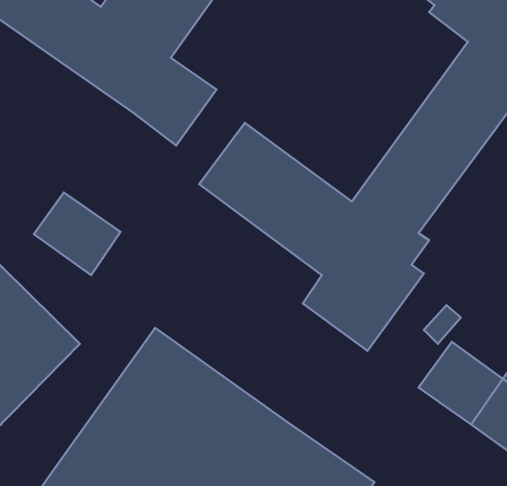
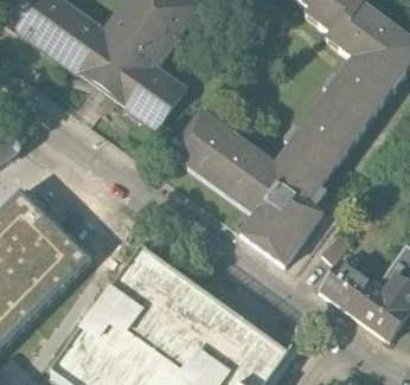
building: [34,193,121,275] -> none

